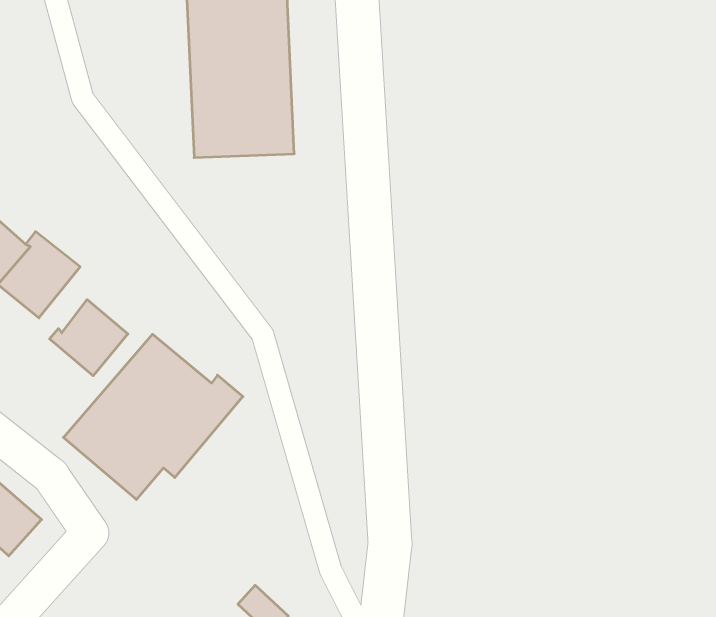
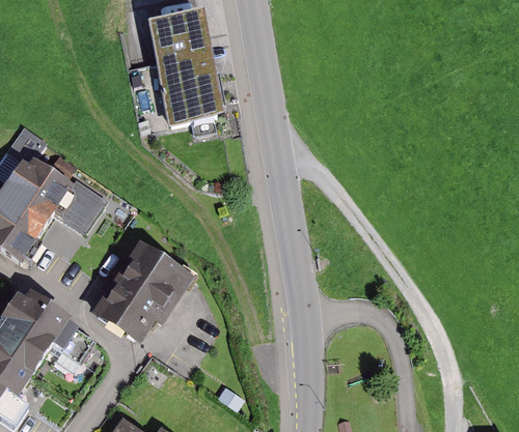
building: [50,300,128,376] -> none

